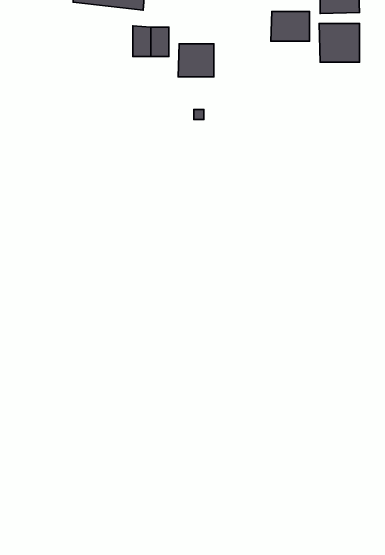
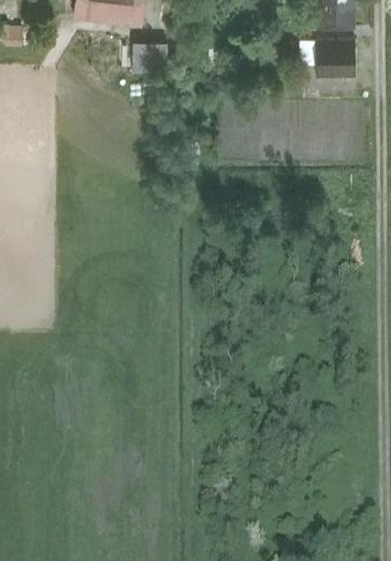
building: [271,12,310,41] -> none
building: [178,44,214,77] -> none

